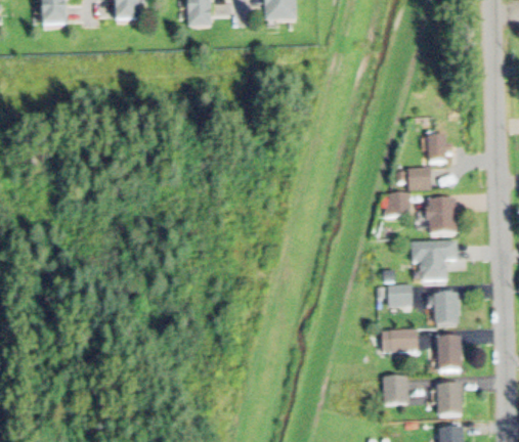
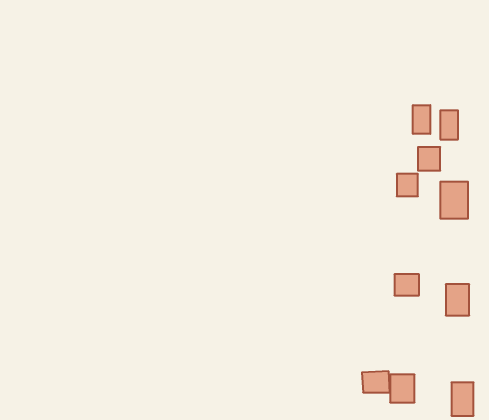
building: none -> [413,105,430,134]
building: [412,239,456,278] -> none
building: [390,329,416,349] -> [362,371,390,392]
building: [437,338,459,368] -> none

